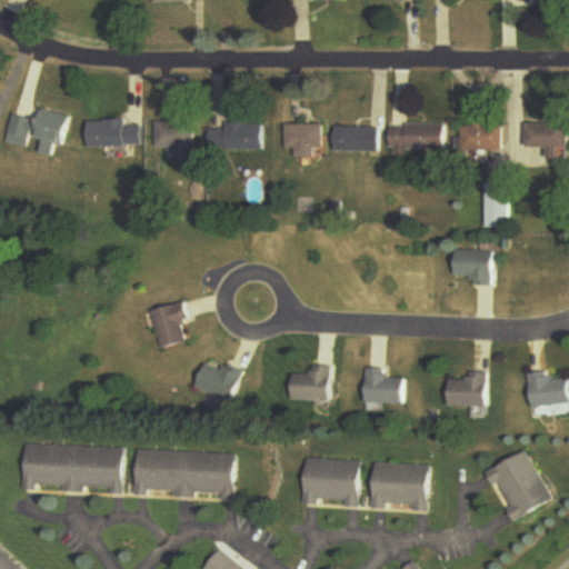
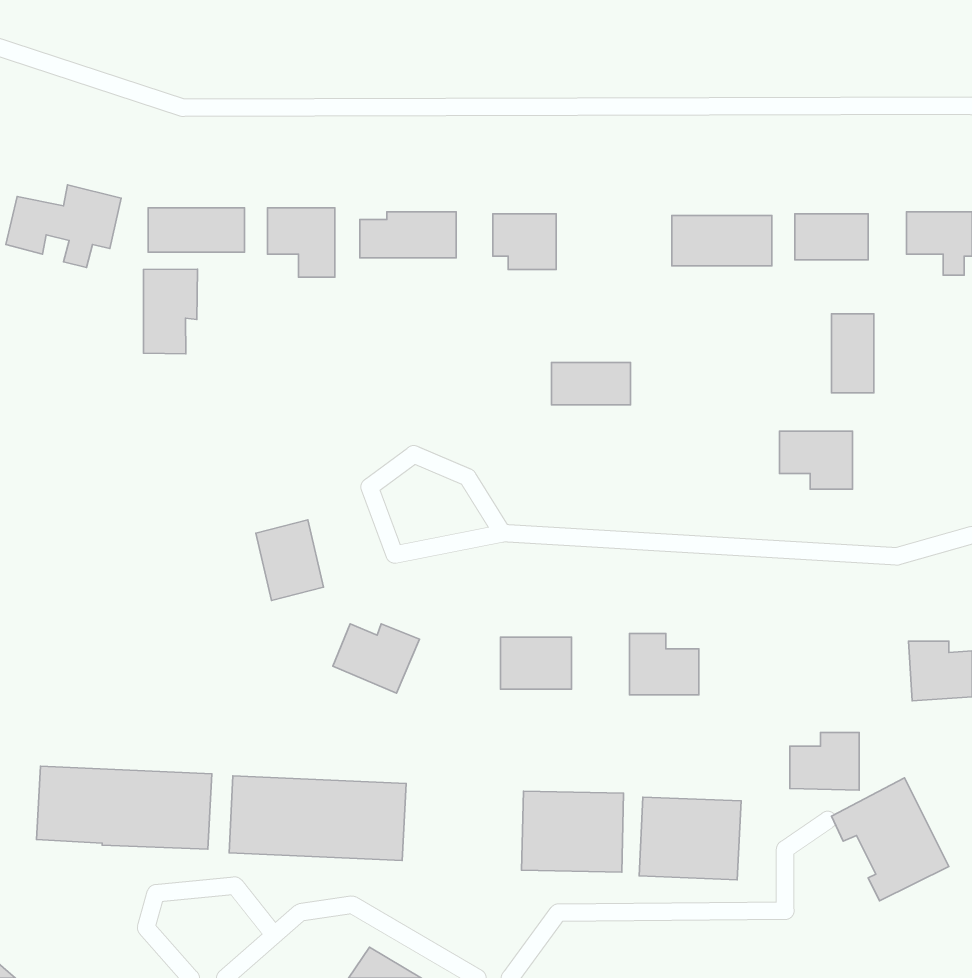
building: [333,127,379,151] -> [552,363,631,405]
building: none -> [143,269,198,354]
building: [446,370,486,403] -> [790,733,859,790]

